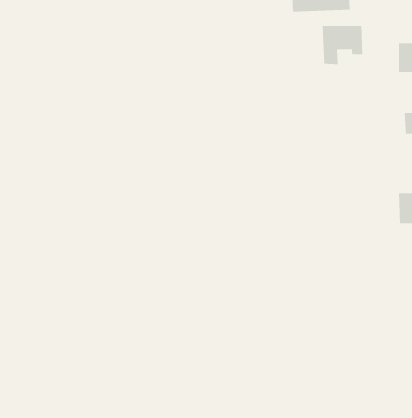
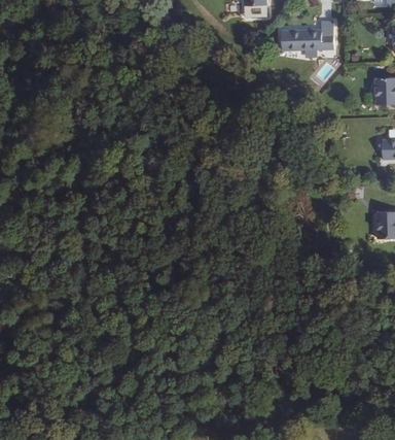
building: [322,25,363,65] -> none

